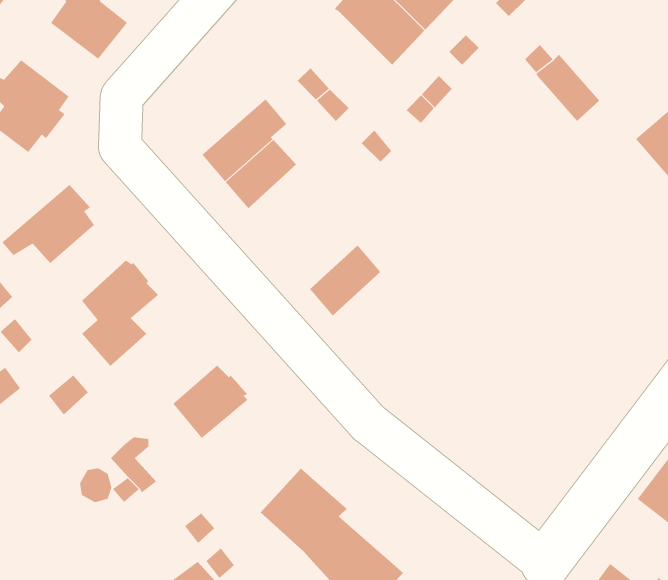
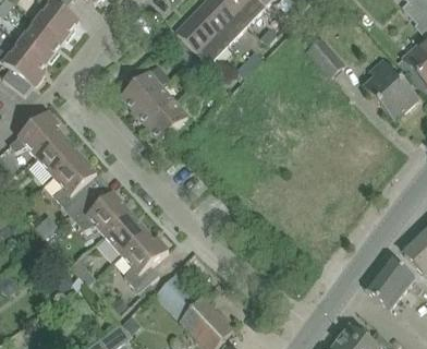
building: none -> [176,14,228,63]
building: none -> [20,21,63,62]
building: none -> [36,134,78,177]
building: [309,245,381,316] -> [147,100,187,141]
building: none -> [70,192,130,234]
building: none -> [121,232,168,292]

